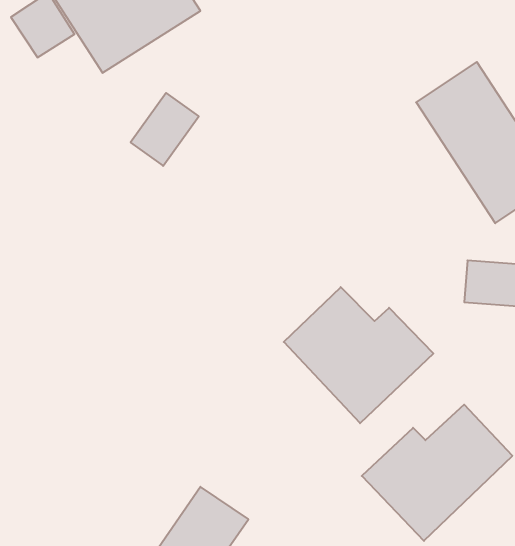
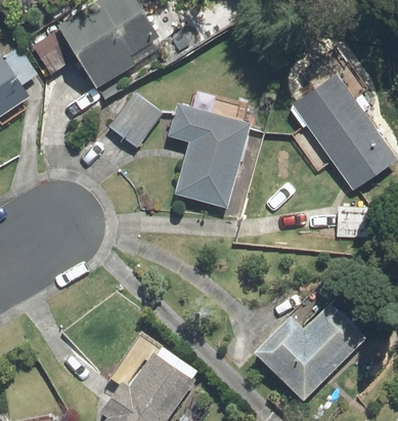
building: none -> [174,106,249,205]
building: [284,287,433,423] -> none

